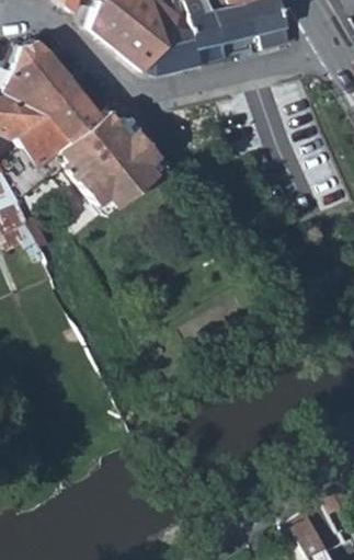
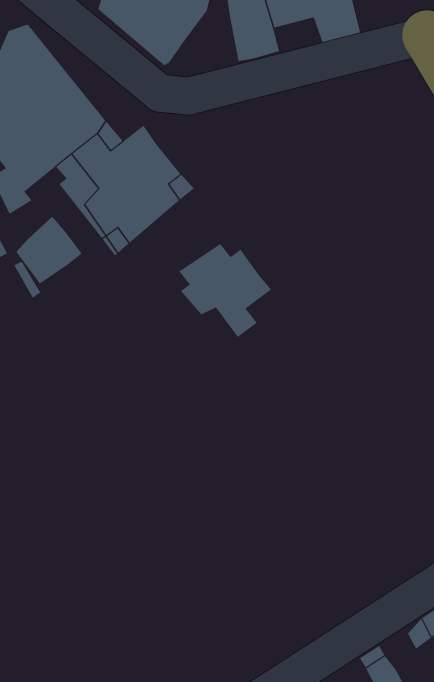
building: [140,27,196,75] -> none
building: none -> [16,216,83,284]
building: none -> [179,243,272,338]

